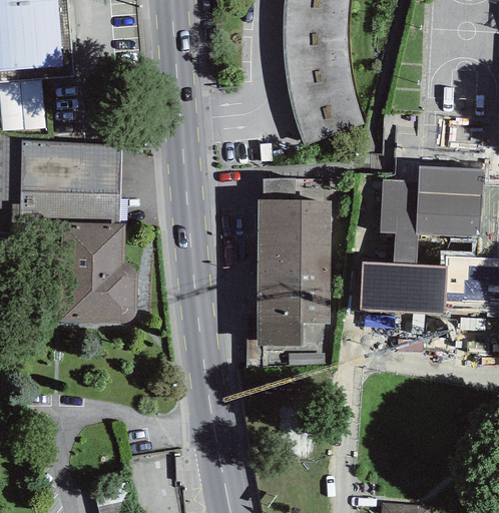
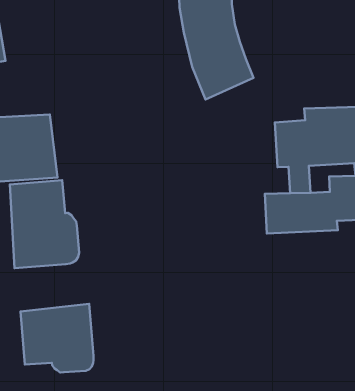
building: [245,177,332,369] -> none
building: none -> [20,304,94,373]

